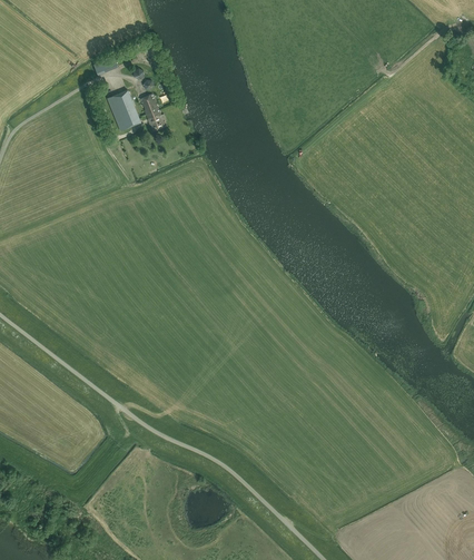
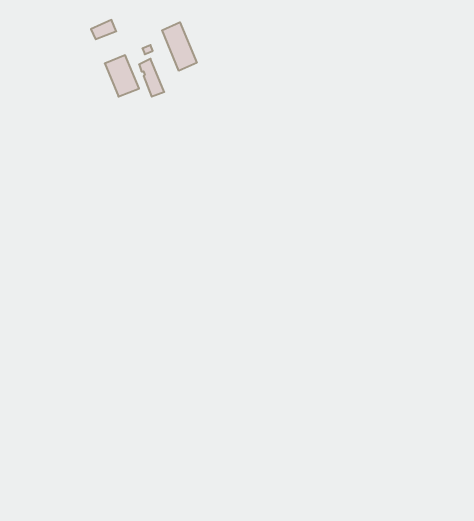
building: none -> [162,22,197,71]

